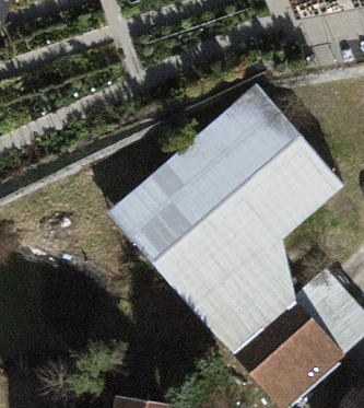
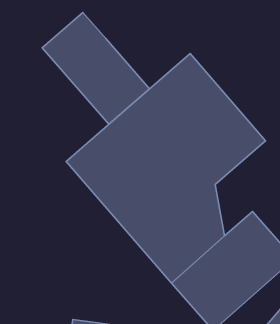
building: none -> [42,13,149,124]

